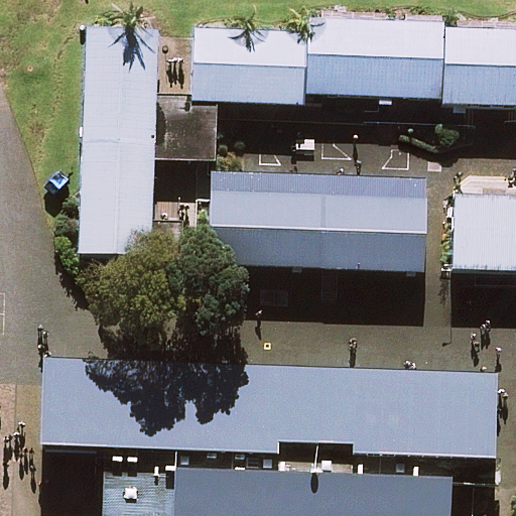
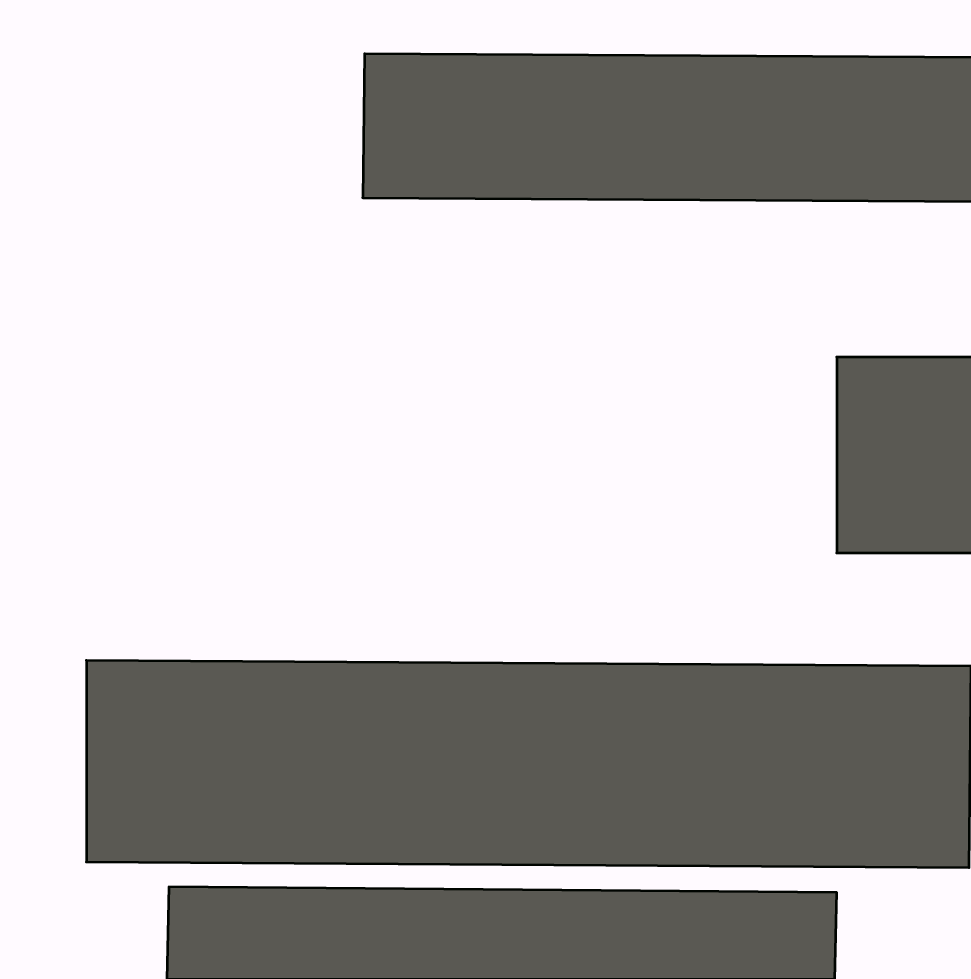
building: [81,17,162,253] -> none
building: [223,183,417,271] -> none

